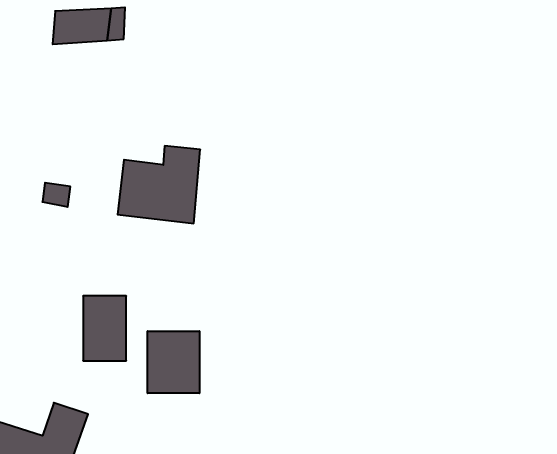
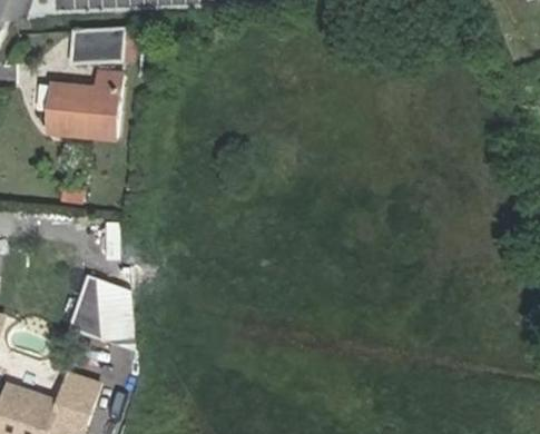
building: [118,146,200,223] -> [46,71,118,139]
building: [148,331,199,393] -> none

